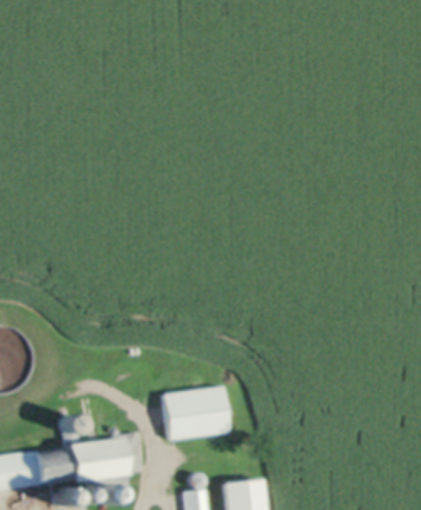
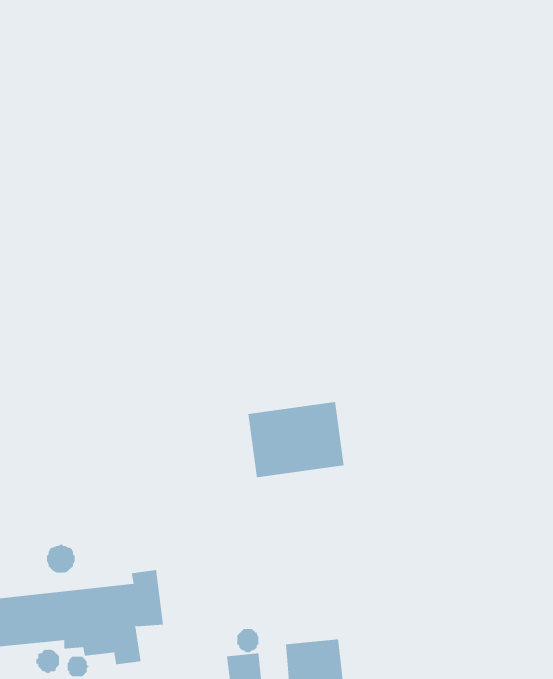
building: [162,385,228,437] -> [248,402,345,478]

